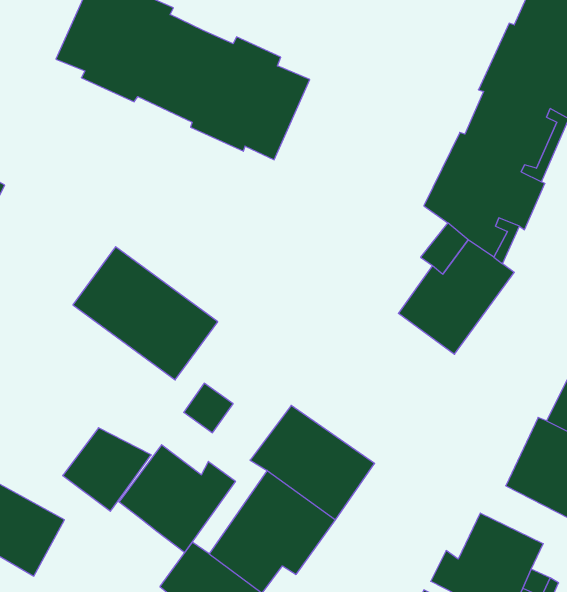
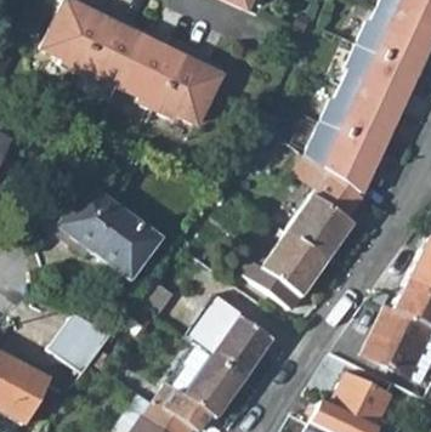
building: none -> [243,232,327,308]
building: [119,445,235,553] -> none

